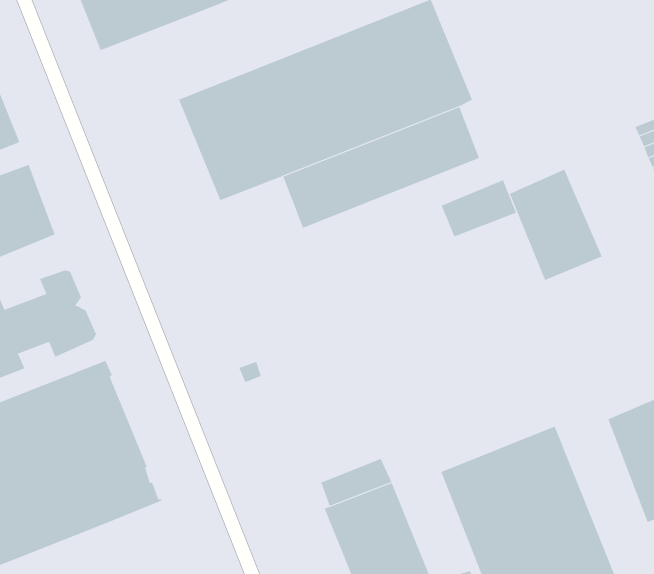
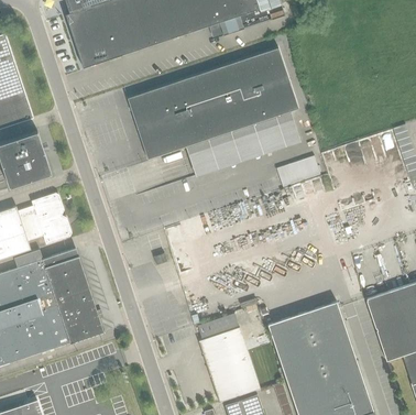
building: [509,169,603,281] -> none

